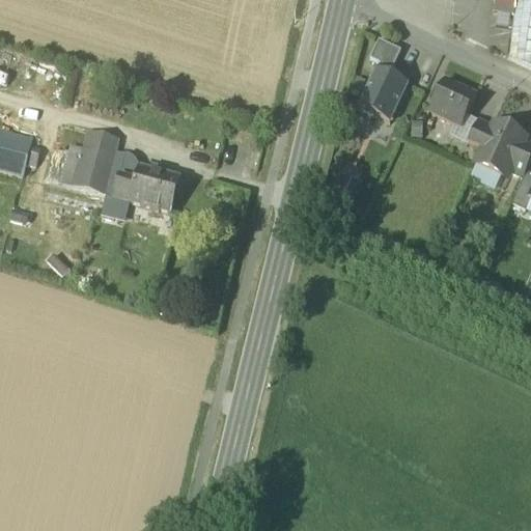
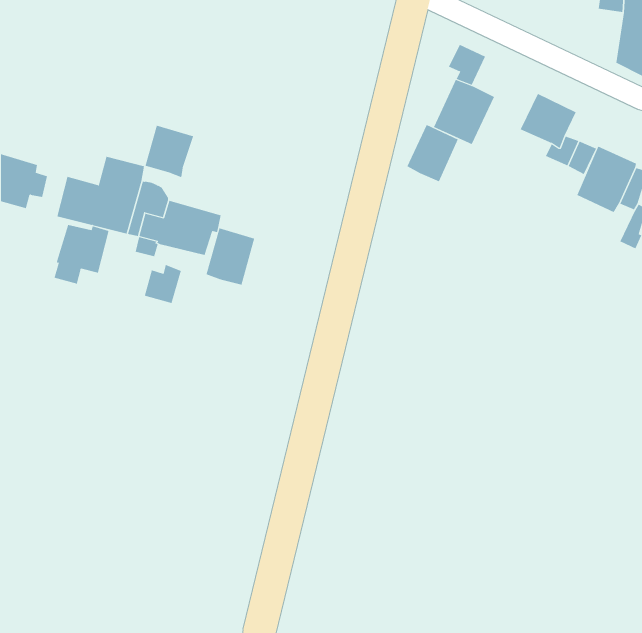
building: none -> [406,124,458,182]
building: none -> [145,125,194,178]
building: none -> [54,224,109,284]
building: none -> [206,227,255,285]
building: none -> [144,264,182,304]

